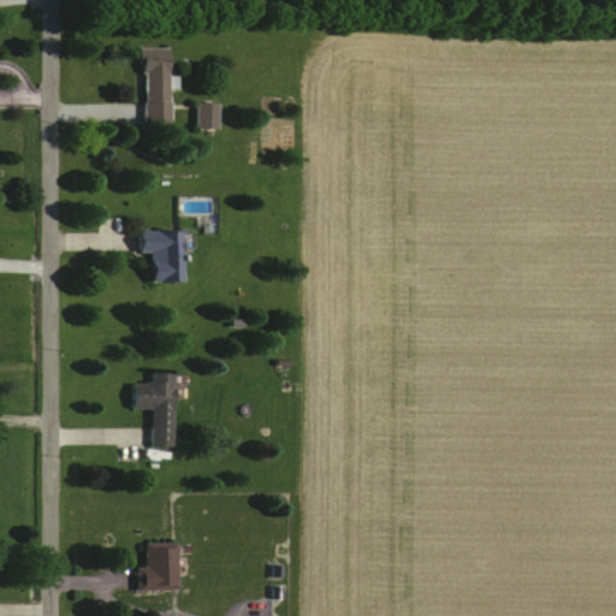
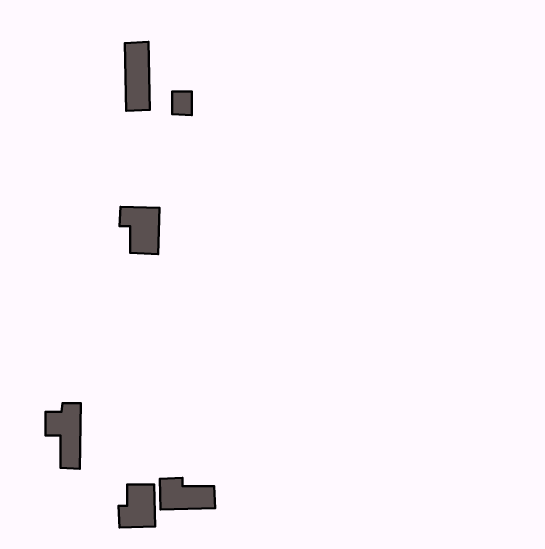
building: [136,373,176,446] -> [45,403,81,469]
building: none -> [160,478,215,510]

